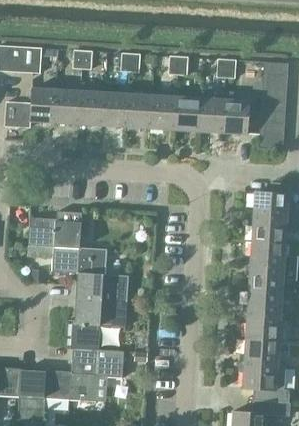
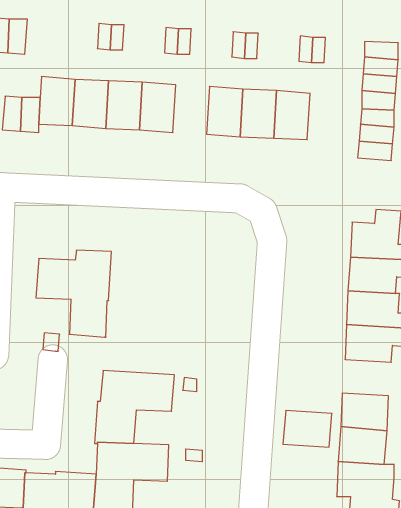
building: [21,46,42,72] -> none
building: [127,93,153,128] -> none
building: [223,99,249,134] -> none
building: [77,247,129,300] -> none
building: [248,289,283,315] -> [283,411,332,447]

